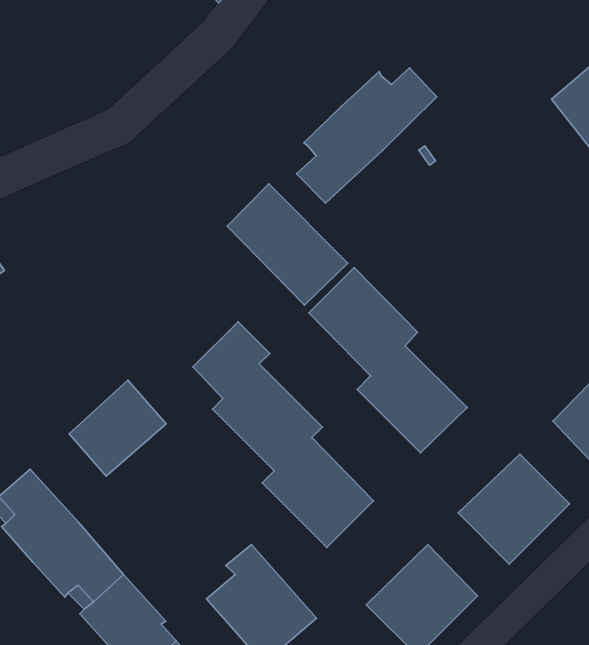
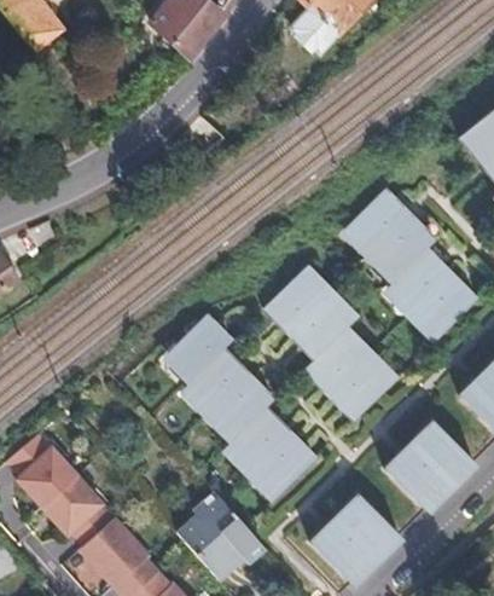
building: [297,68,437,203] -> none
building: none -> [345,189,476,335]
building: [227,184,348,305] -> none
building: [69,380,166,476] -> none

